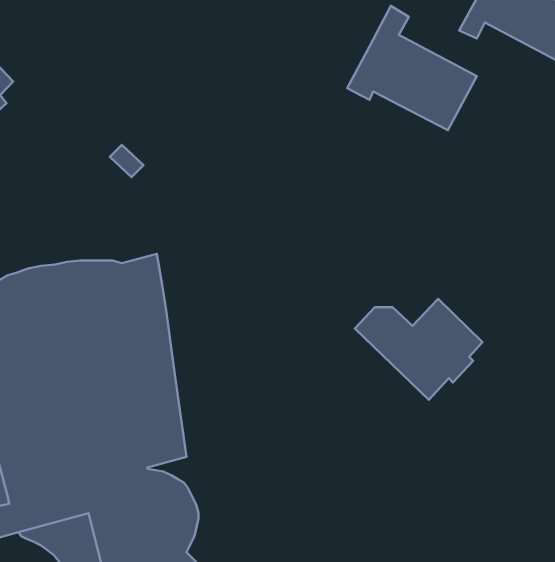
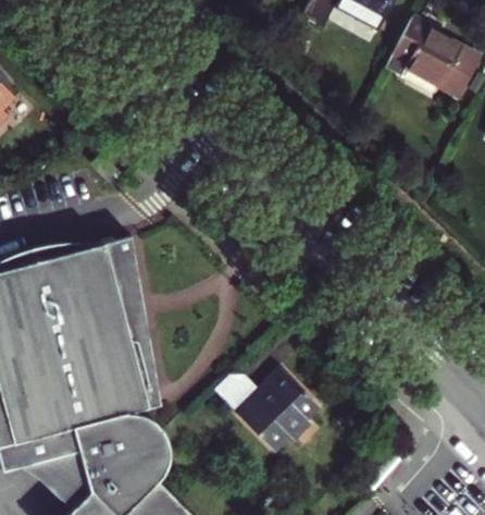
building: [347,6,477,130] -> none
building: [355,299,482,400] -> [211,373,314,455]

